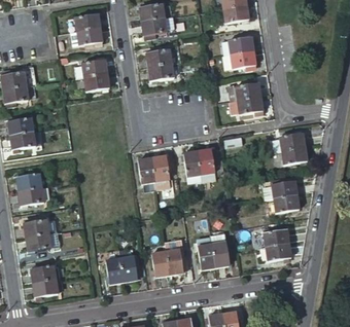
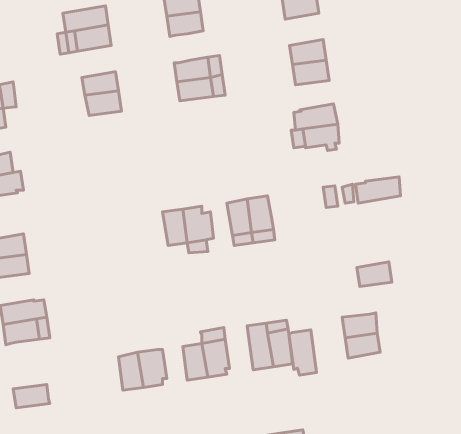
building: [276,147,308,167] -> none
building: [266,179,297,198] -> none
building: none -> [289,330,316,375]
building: [31,265,61,283] -> none

